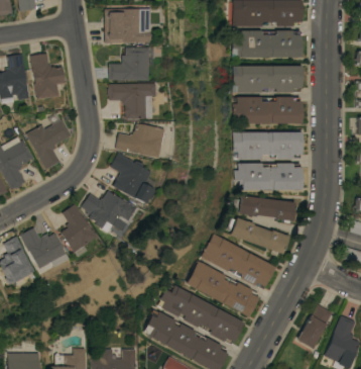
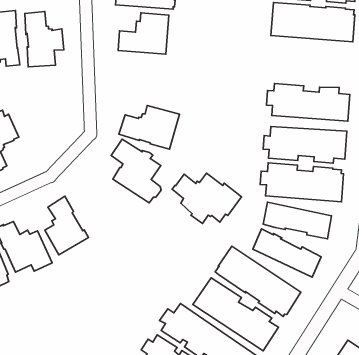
building: [234,66,302,93] -> none
building: [107,83,155,118] -> none
building: [26,119,71,170] -> none
building: [81,191,138,233] -> [172,173,242,223]

